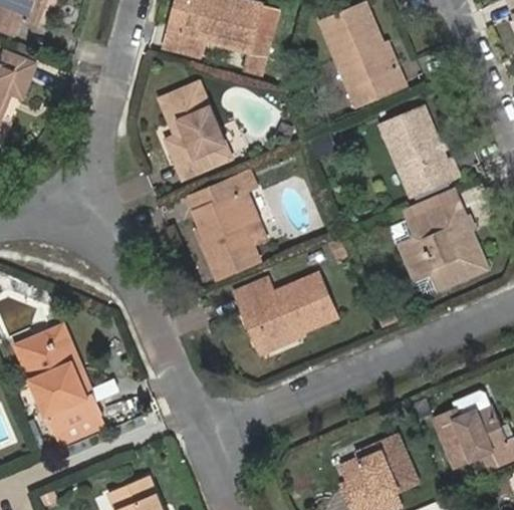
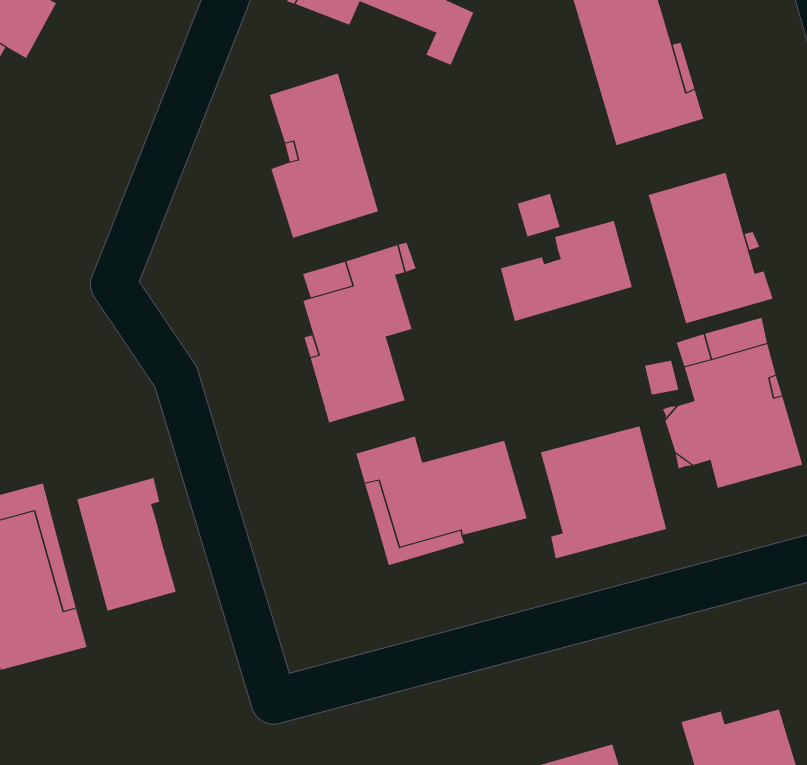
building: none -> [500,220,632,322]
building: none -> [540,425,667,559]
building: none -> [76,477,176,611]

